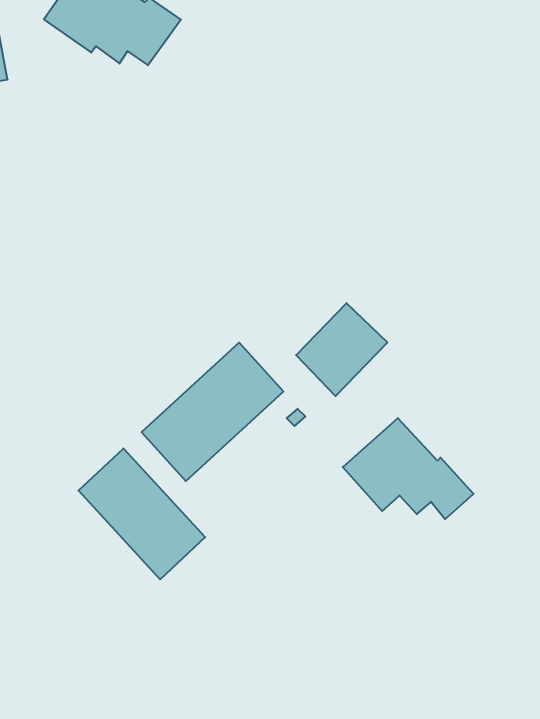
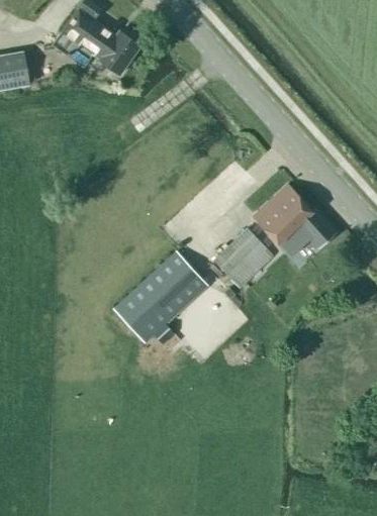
building: [343,418,474,519] -> [253,185,337,249]
building: [78,448,205,579] -> none

